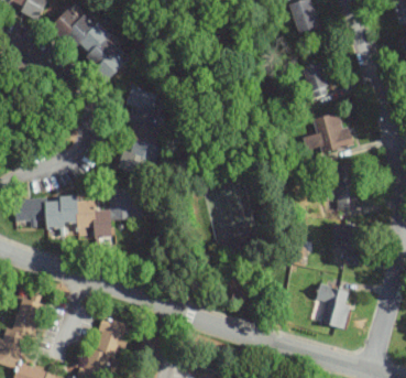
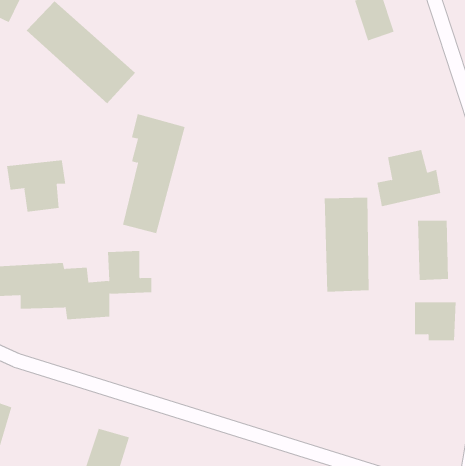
building: [303,62,331,98] -> none
building: none -> [7,159,66,212]
building: none -> [324,197,369,293]
building: [316,284,352,328] -> none

